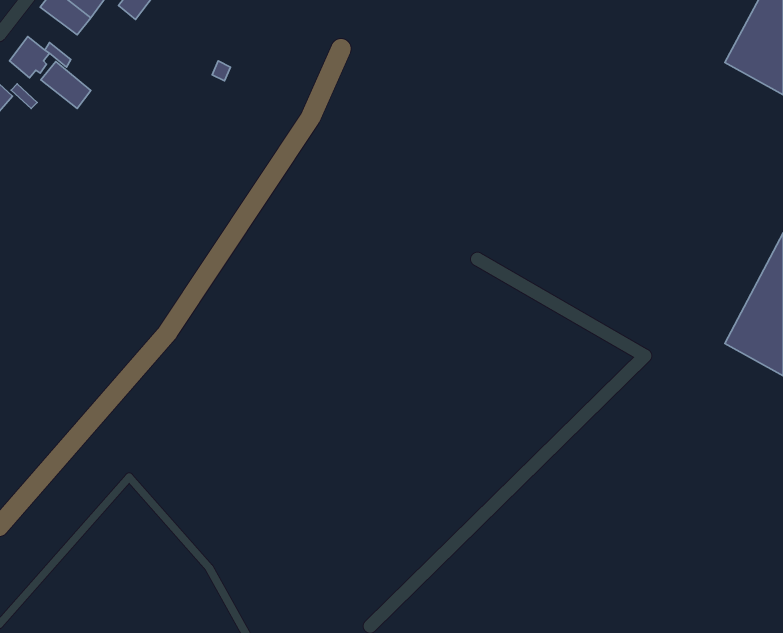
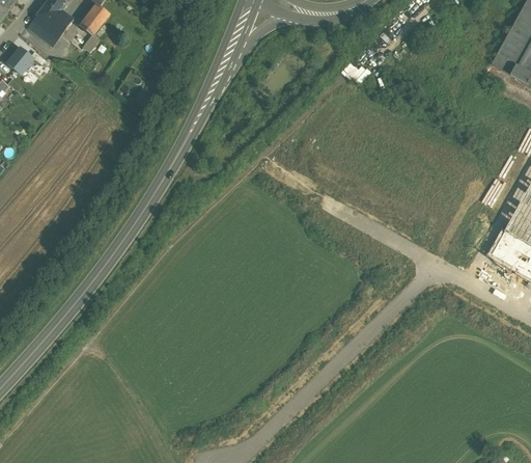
building: [41,61,91,108] -> none

